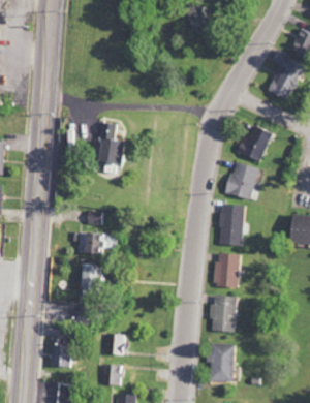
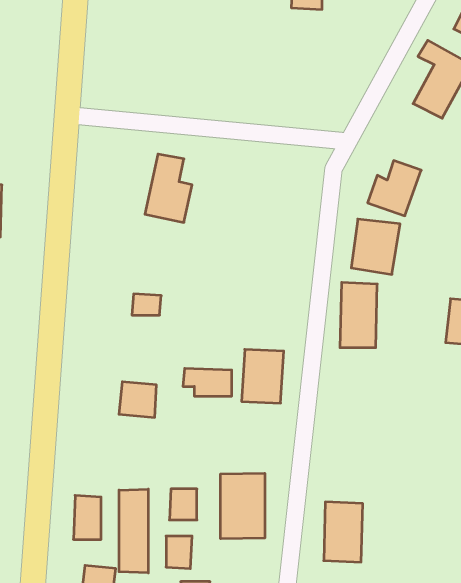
building: [73,232,104,250] -> [183,368,232,396]
building: [214,253,241,287] -> [242,349,284,403]
building: [212,297,236,332] -> none
building: none -> [221,473,265,539]
building: none -> [119,489,148,573]

